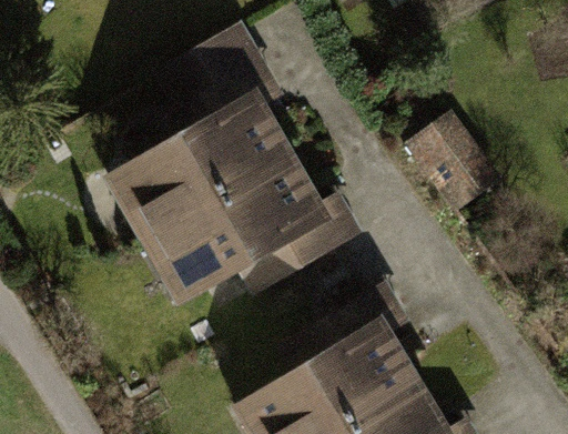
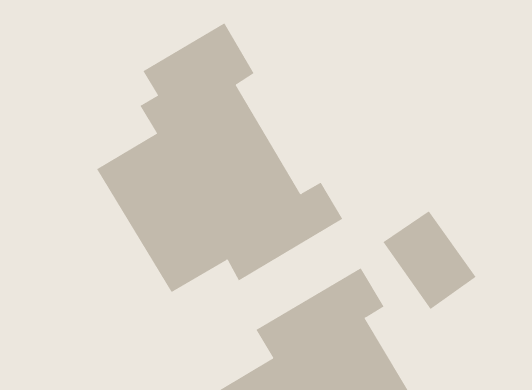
building: [407,110,506,214] -> [383,210,477,310]

